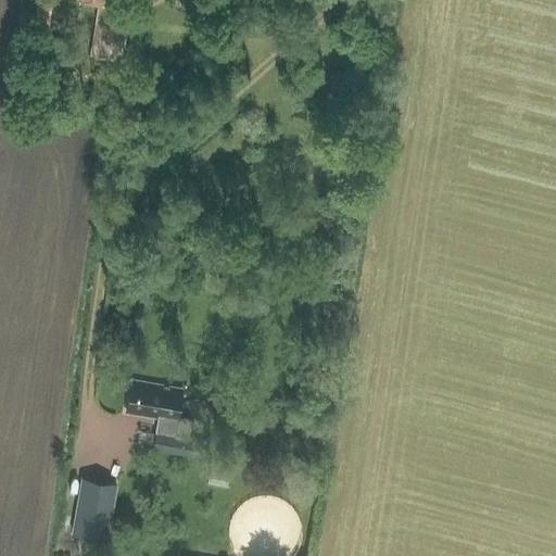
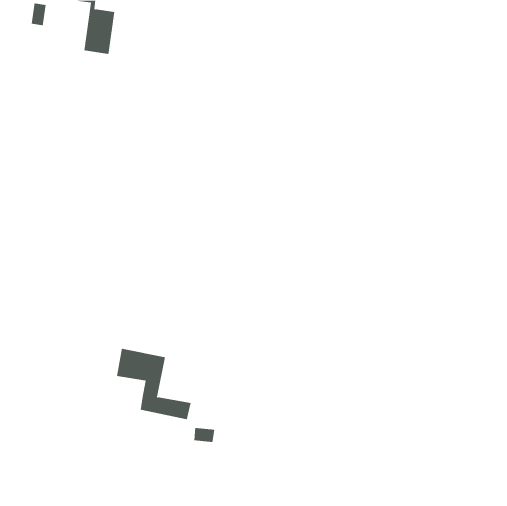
building: [72,478,117,541] -> none

